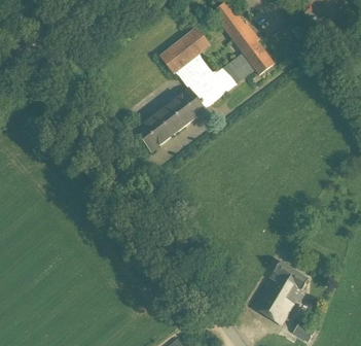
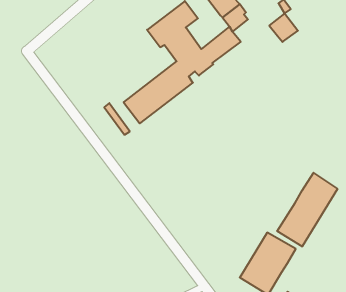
building: [246,45,275,74] -> [269,13,298,42]
building: none -> [277,173,337,247]

